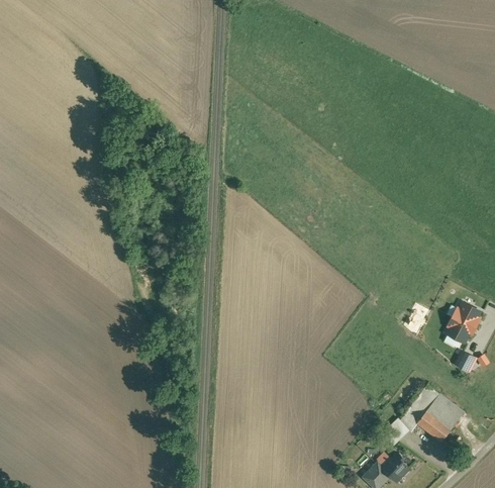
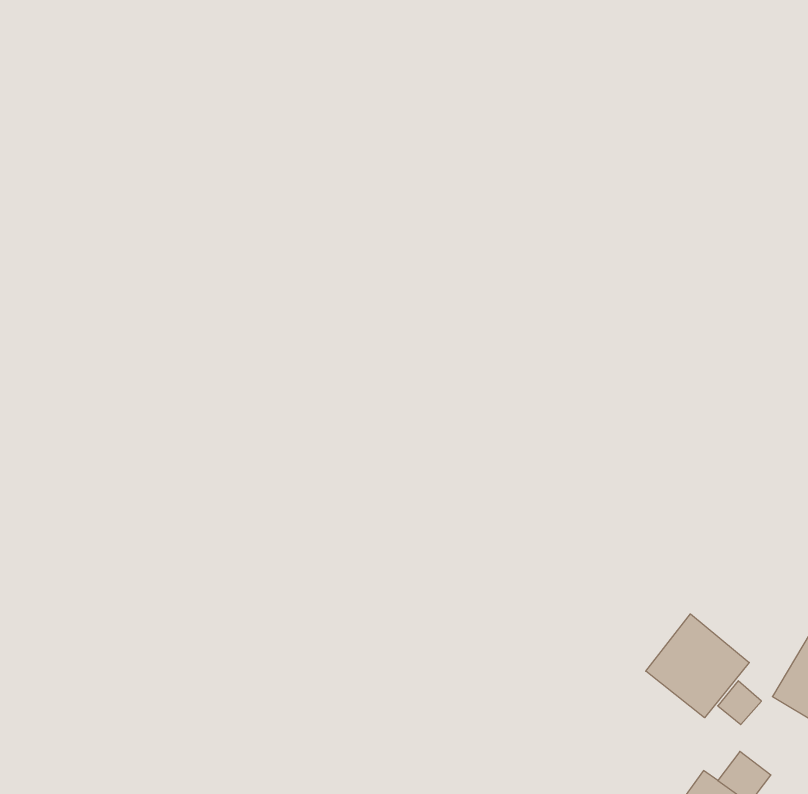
building: none -> [646,614,749,718]

